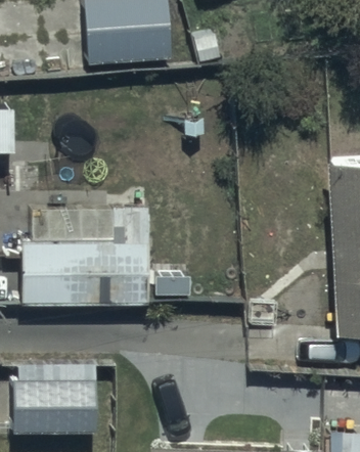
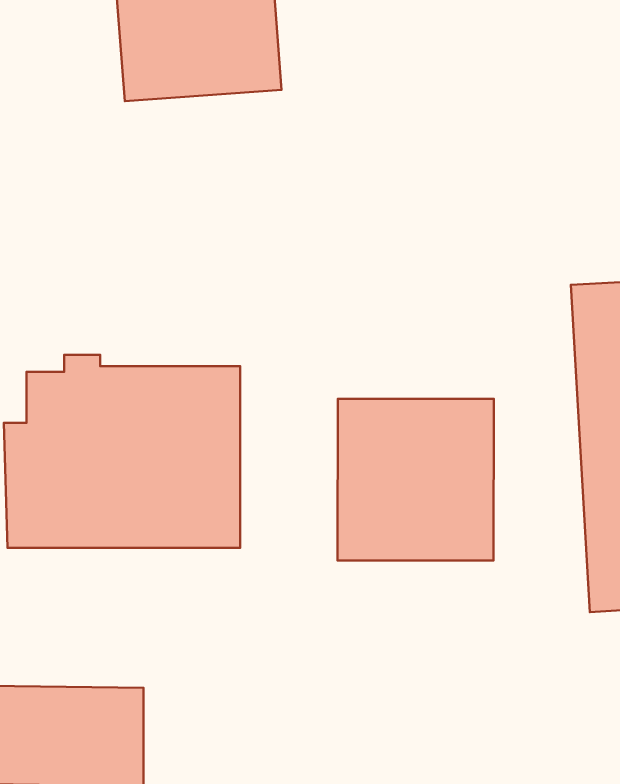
building: none -> [337,399,494,560]

